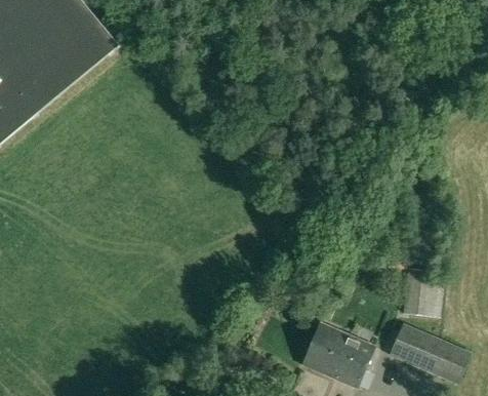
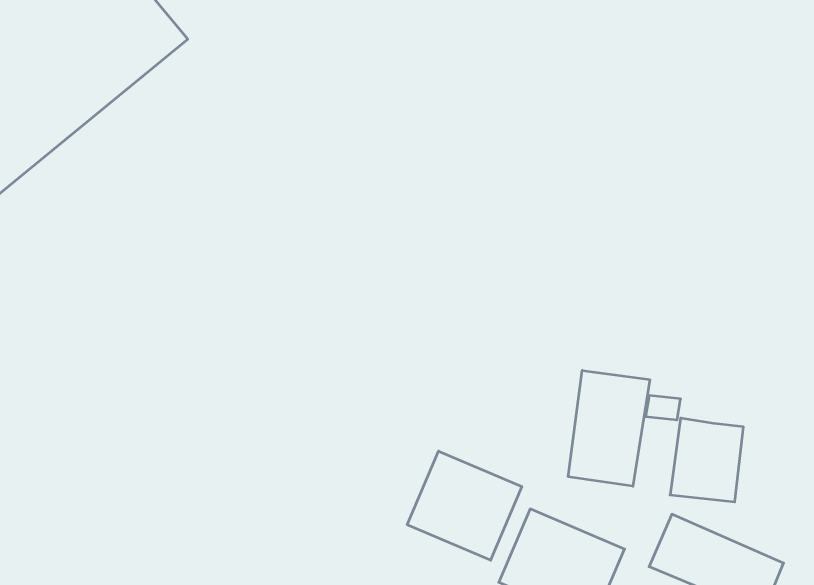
building: none -> [568,370,650,486]
building: none -> [407,451,522,560]

